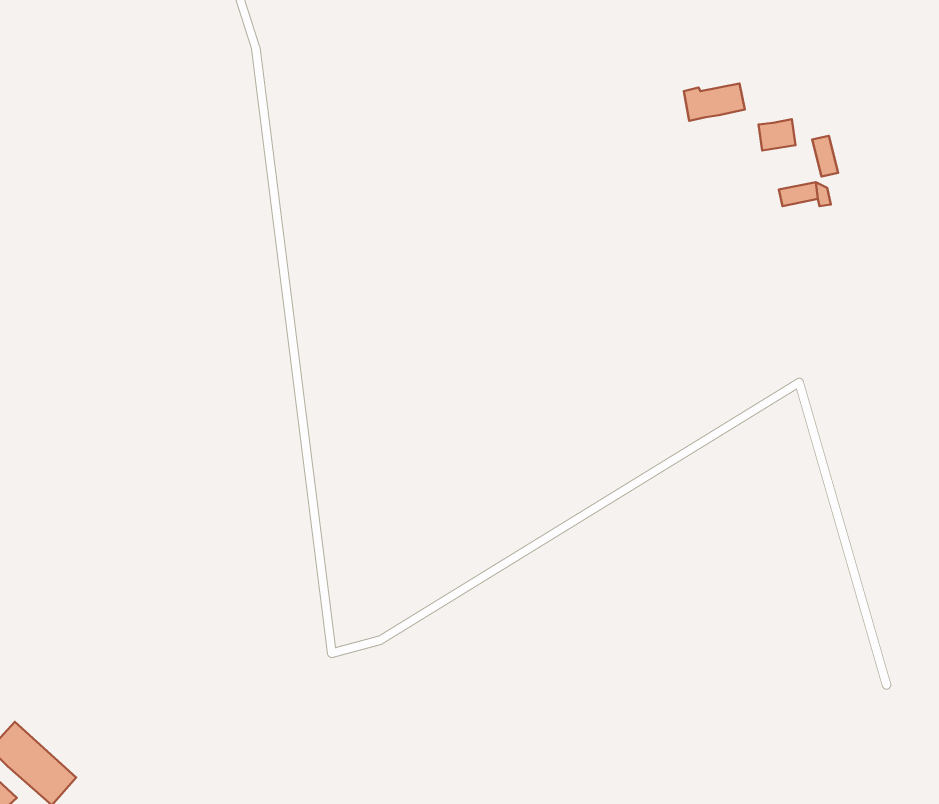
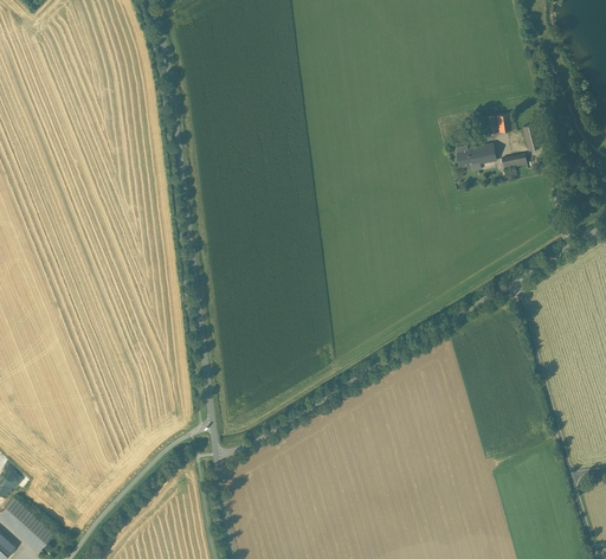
building: [684,84,745,121] -> [457,143,496,167]

